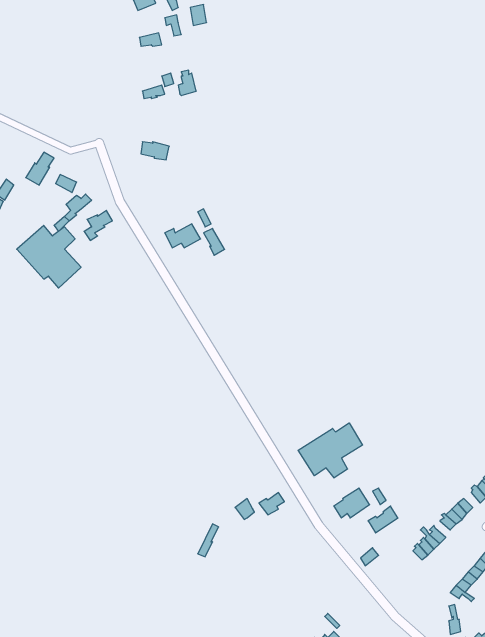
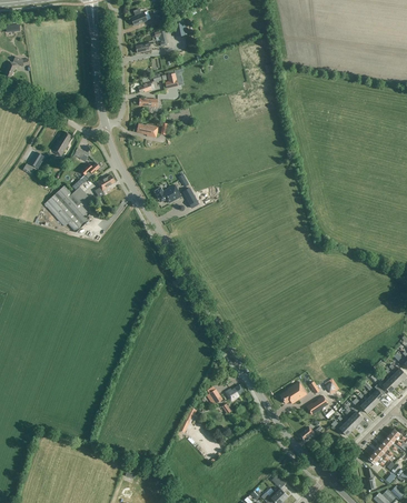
building: [298,423,363,478] -> none

